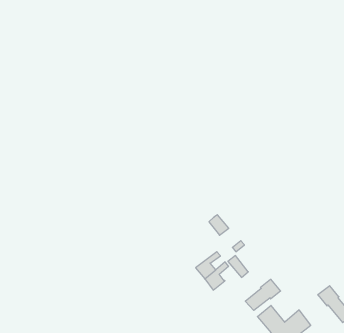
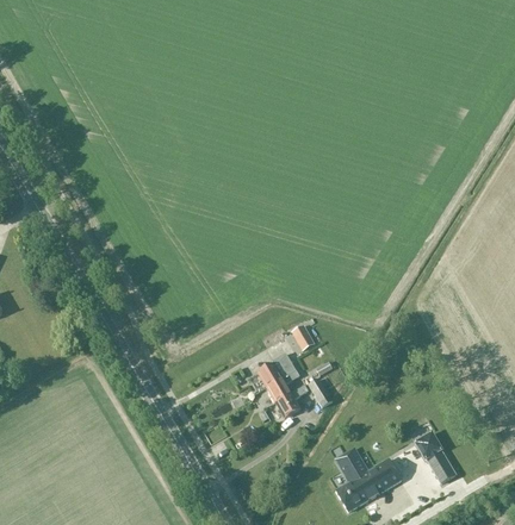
building: none -> [257,352,296,387]
building: [245,279,281,310] -> none

